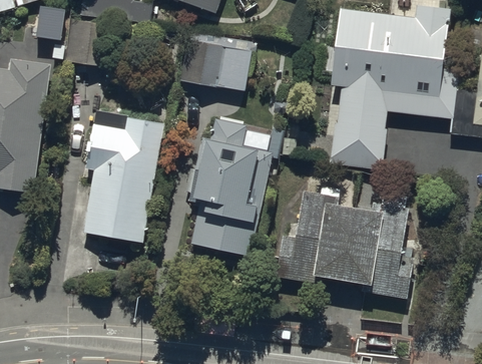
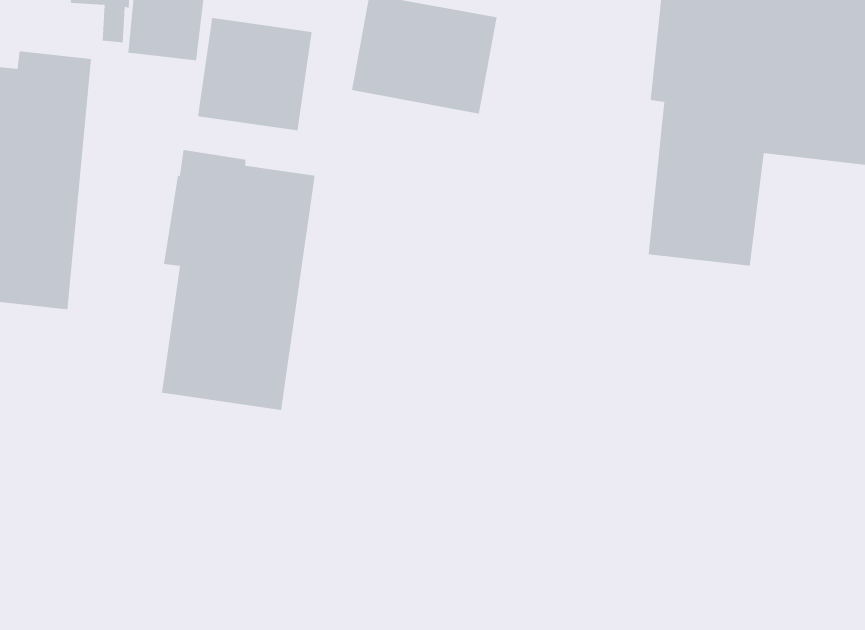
building: none -> [198,17,312,131]
building: [185,118,284,255] -> none
building: [277,186,416,299] -> none

